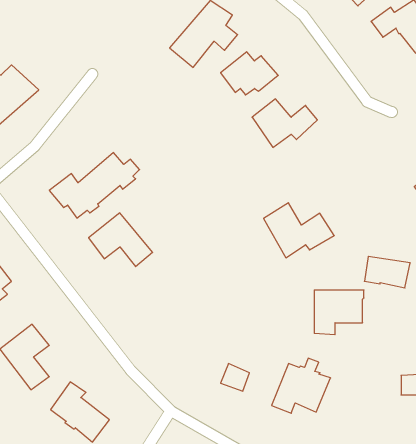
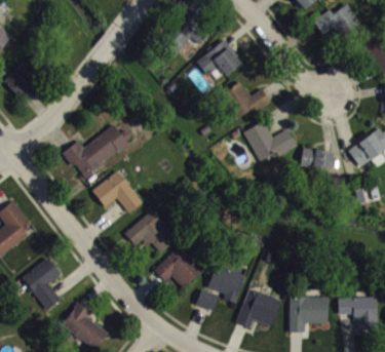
building: [264,203,334,258] -> [243,119,299,162]
building: [364,256,410,288] -> [300,147,336,171]
building: none -> [125,208,178,252]
building: [314,290,364,335] -> [290,297,329,331]
building: none -> [154,245,204,288]
building: none -> [207,265,245,302]

